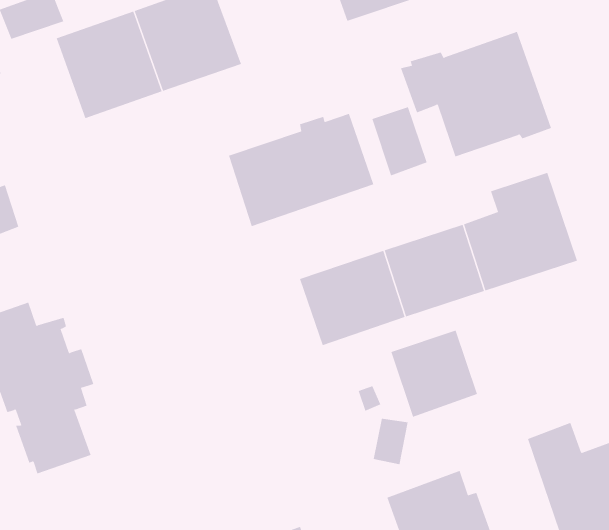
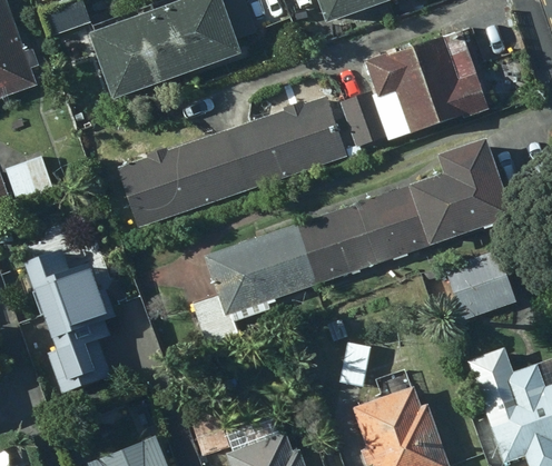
building: none -> [119,130,244,225]
building: none -> [206,230,302,310]
building: [391,330,478,417] -> [446,248,518,319]

